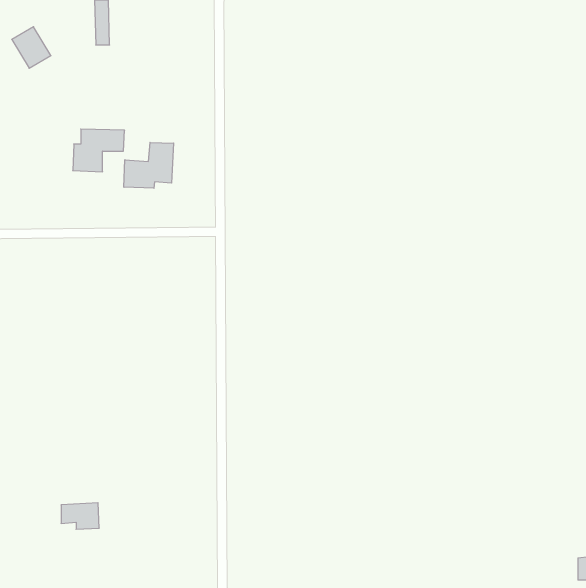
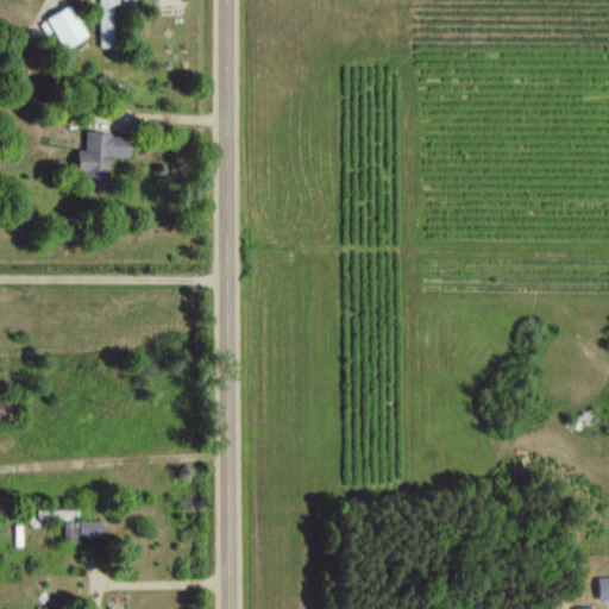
building: [12,27,51,68] -> [49,6,89,49]
building: [124,142,174,188] -> none

